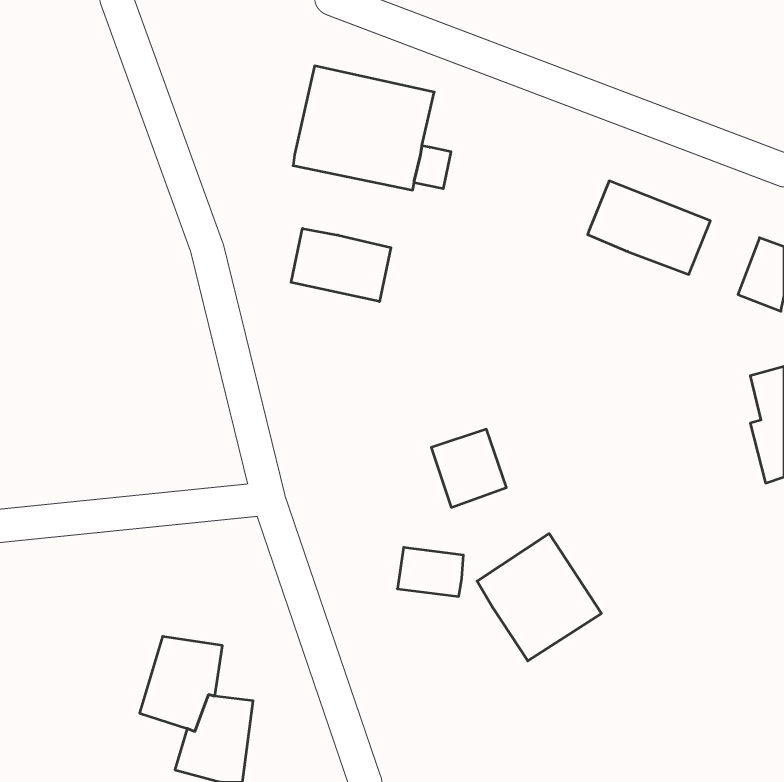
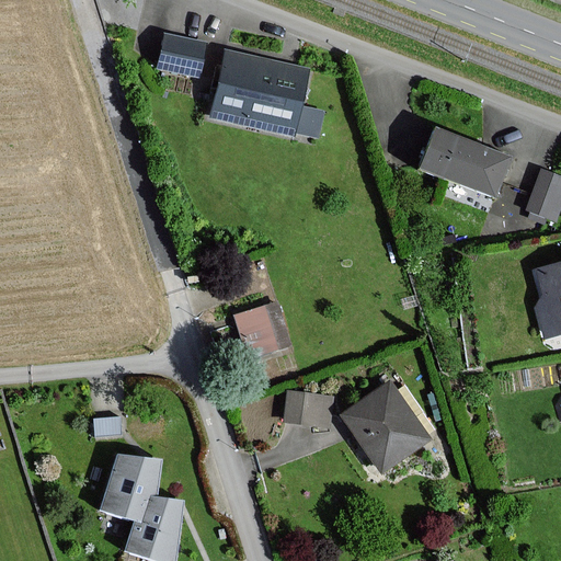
building: none -> [157,33,205,77]
building: [291,228,391,302] -> none
building: [431,429,506,507] -> [236,302,289,358]

